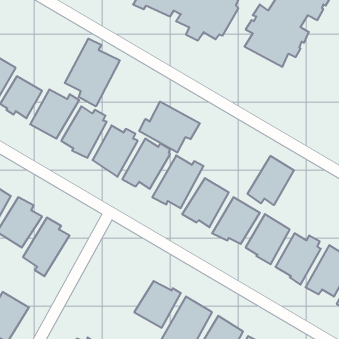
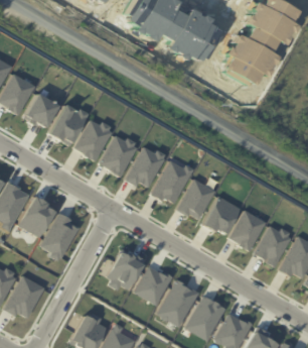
building: [65,39,120,106] -> none
building: [139,102,200,153] -> none
building: [248,156,294,205] -> none
building: none -> [107,251,144,289]

